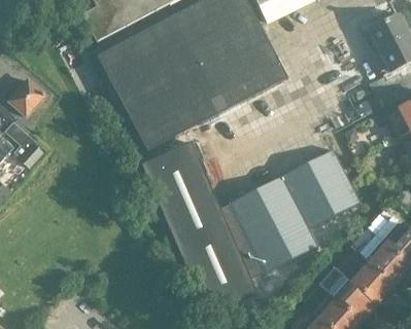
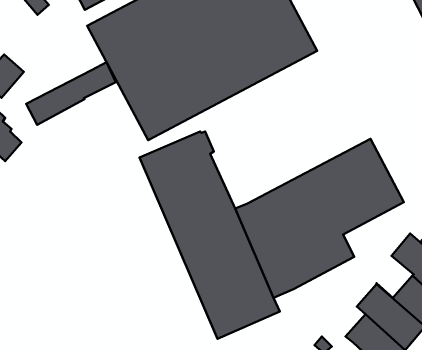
building: none -> [26,62,116,125]

